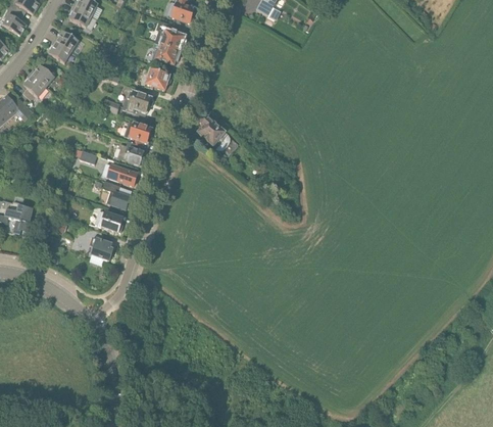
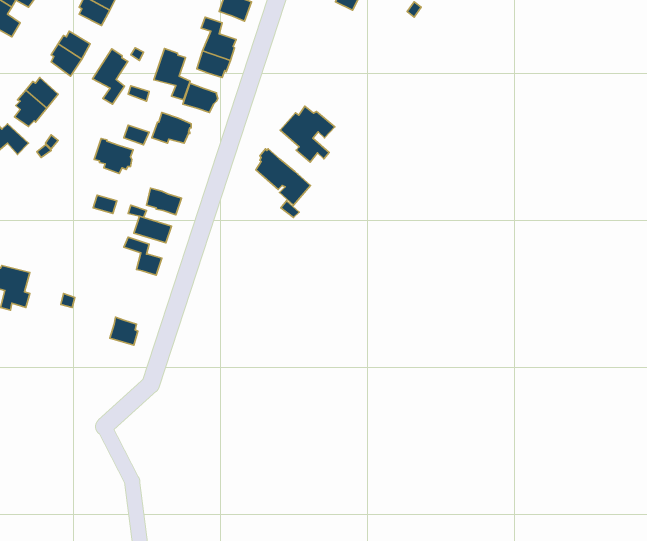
building: none -> [154,48,190,100]
building: none -> [92,49,128,104]
building: none -> [280,106,335,162]
building: [124,121,152,146] -> [94,138,133,174]
building: [95,210,122,232] -> none

